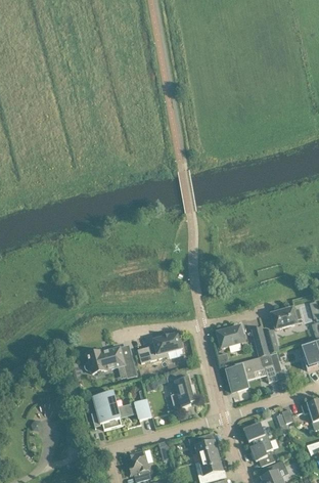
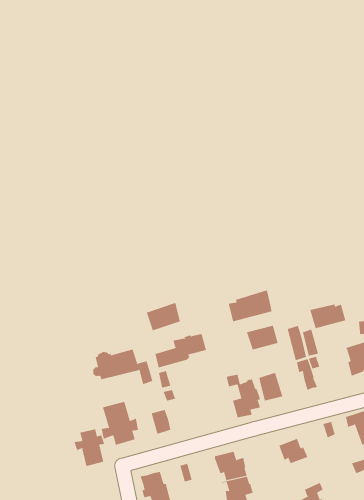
building: none -> [228,290,272,322]
building: none -> [146,302,181,331]
building: [165,371,194,409] -> [226,374,261,418]
building: none -> [74,428,105,467]
building: [249,439,274,466] -> none

